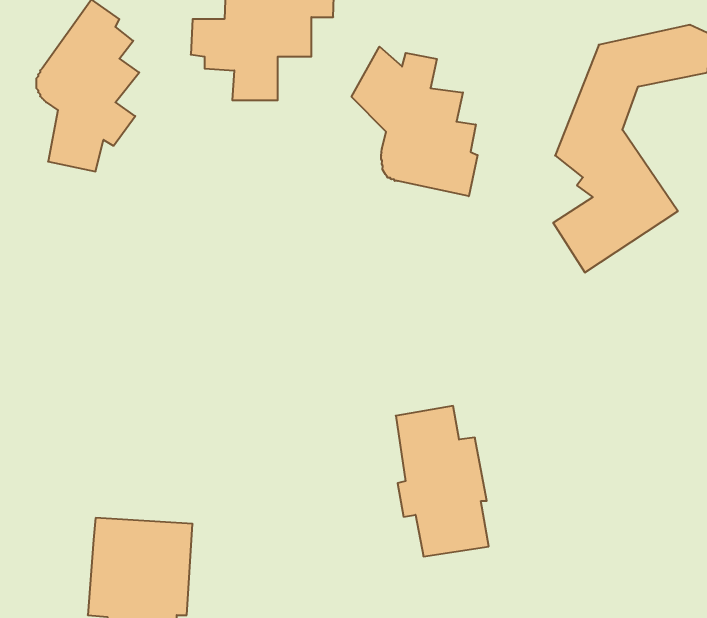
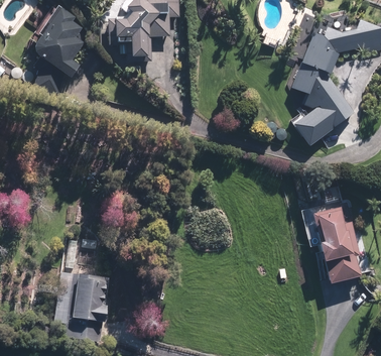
building: [352,47,478,196] -> none
building: [396,406,489,556] -> [312,207,360,283]

